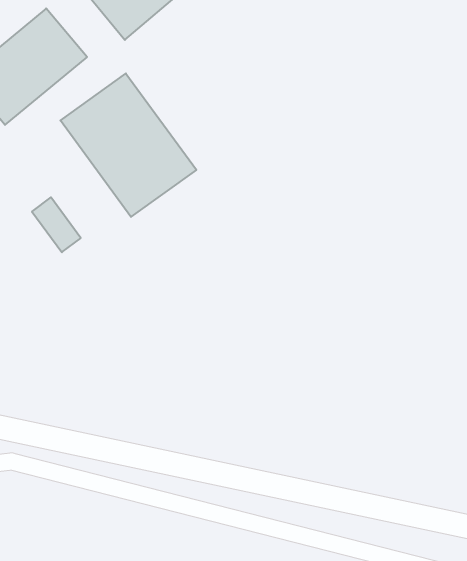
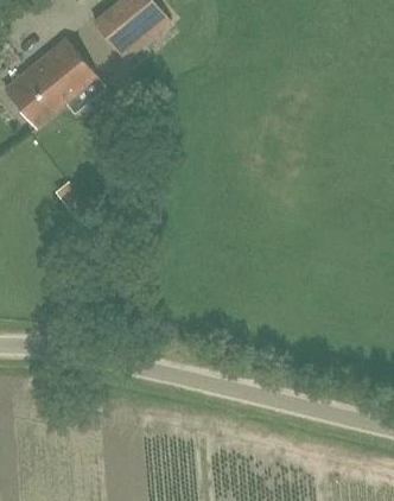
building: [60,73,196,217] -> none

